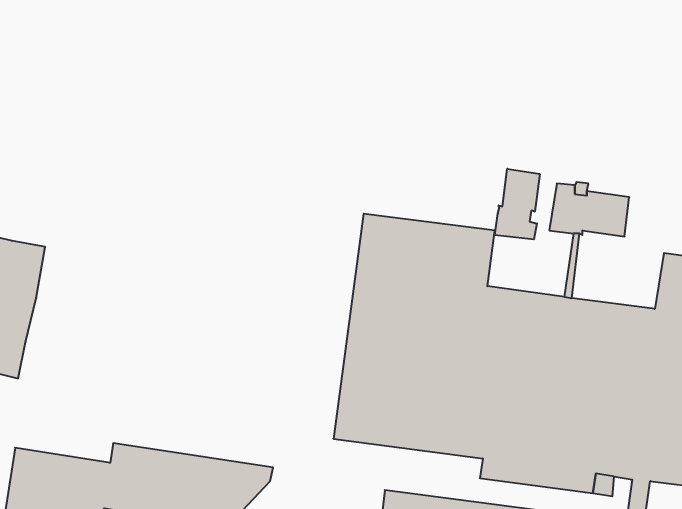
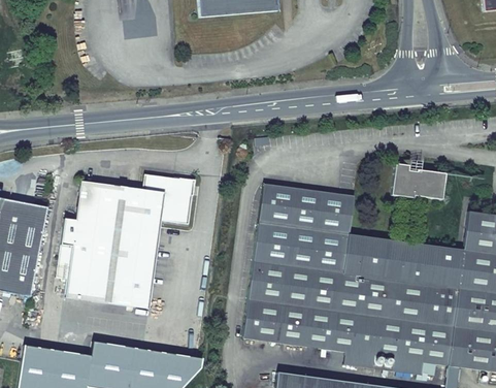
building: [495,169,540,239] -> none
building: none -> [57,174,194,308]

